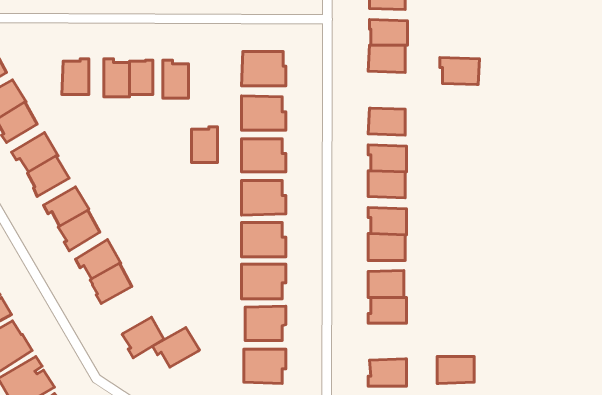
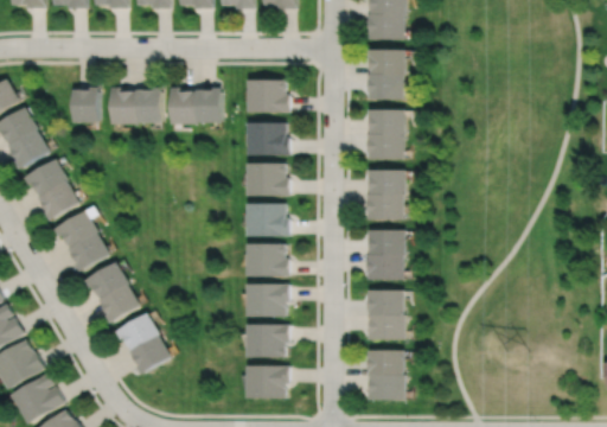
building: [440,58,479,85] -> [368,109,405,135]
building: [192,127,217,162] -> [194,88,219,122]
building: [153,328,199,367] -> [115,313,160,351]
building: [437,356,474,383] -> [368,351,403,377]

